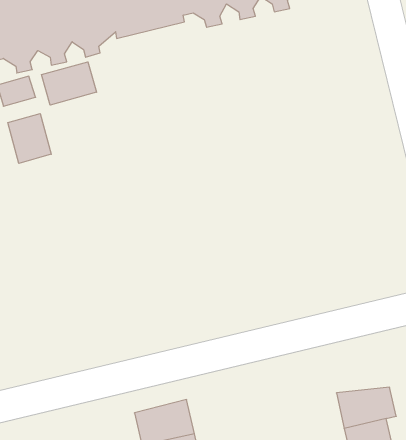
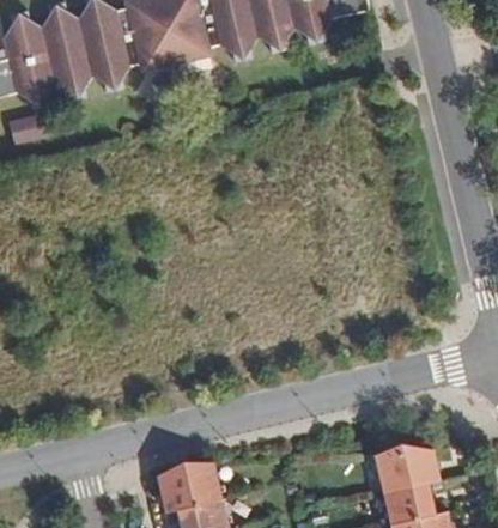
building: [42,62,97,105] -> none
building: [8,114,51,163] -> none

